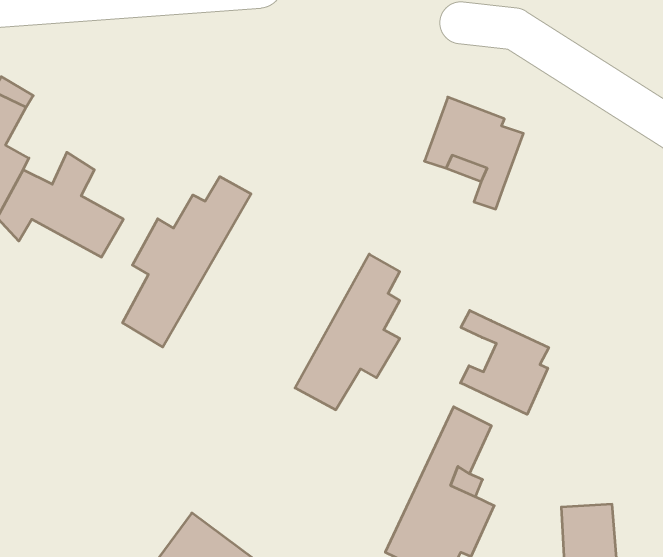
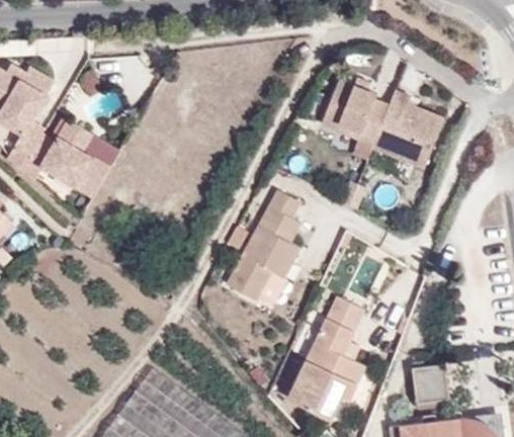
building: none -> [371,86,442,165]
building: [123,177,251,347] -> none
building: [460,310,549,414] -> none

